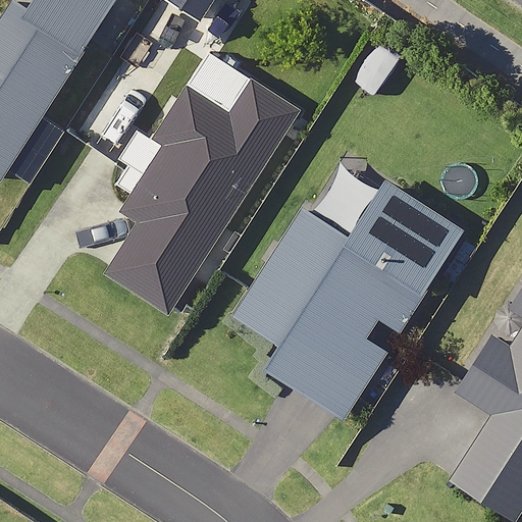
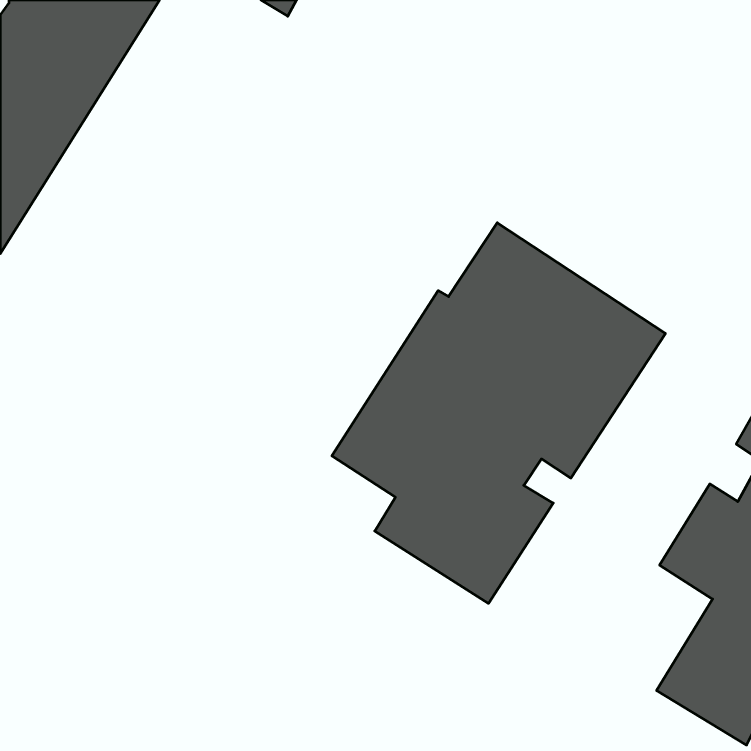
building: [110,90,291,310] -> none

